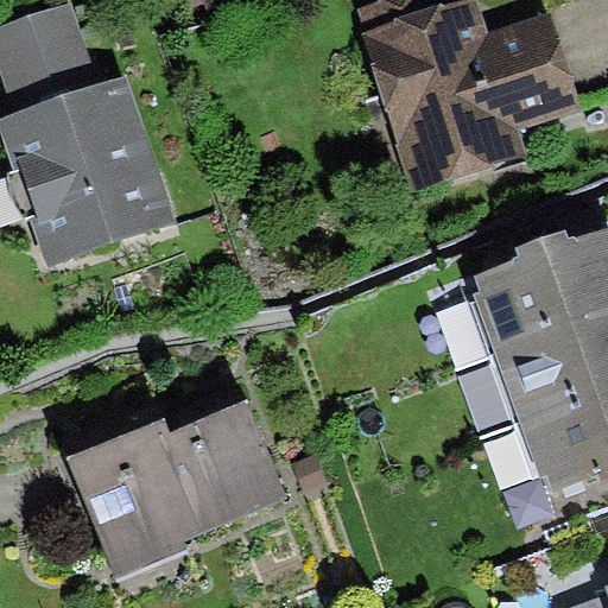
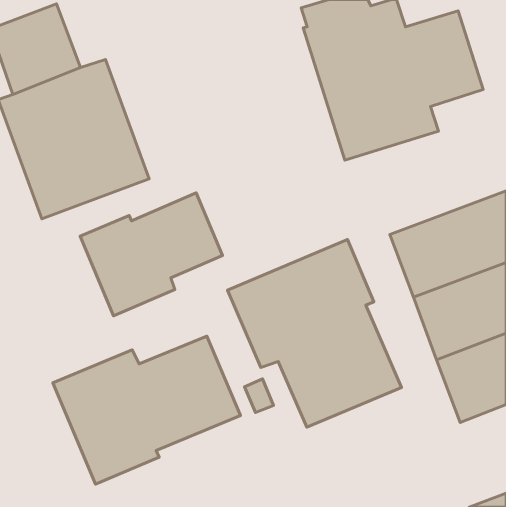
building: none -> [80,193,223,316]
building: none -> [227,239,401,427]

